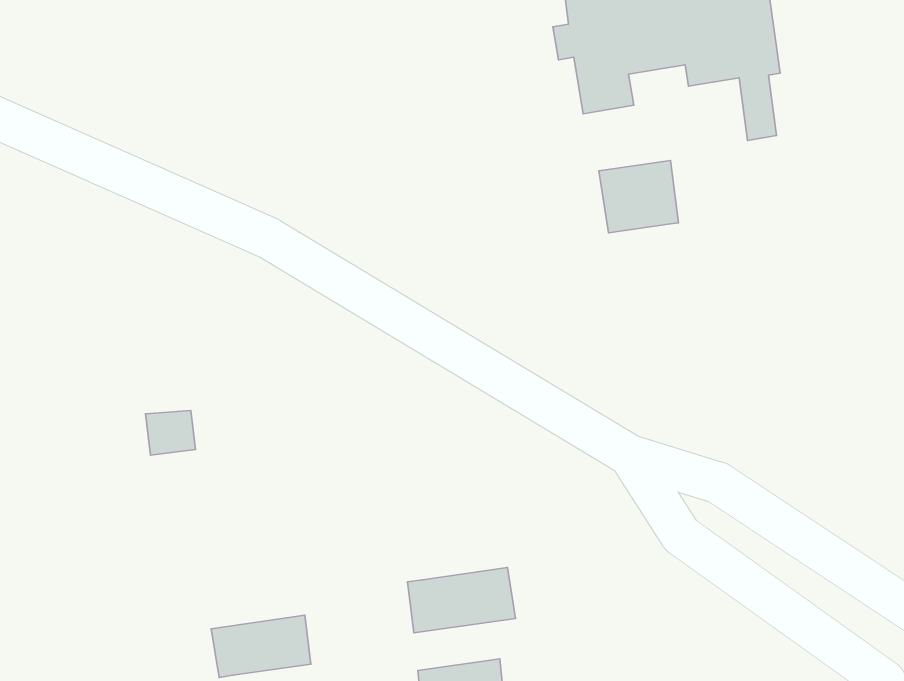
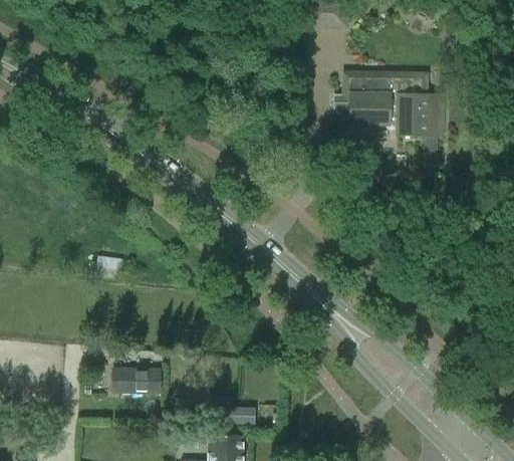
building: [599,161,679,233] -> none
building: [408,568,516,633] -> none

